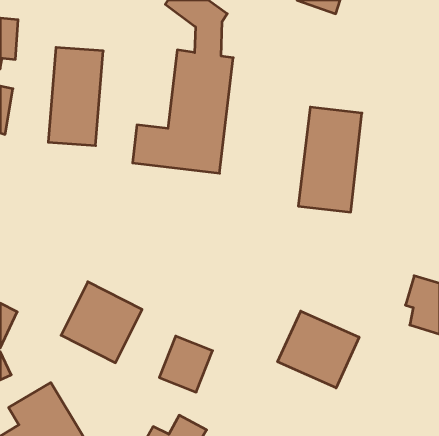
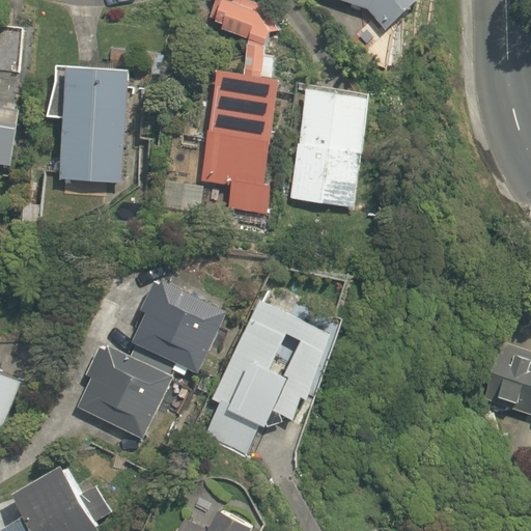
building: [298,107,362,212] -> [290,84,367,211]
building: none -> [125,278,223,371]
building: none -> [213,300,334,423]
building: [278,311,359,388] -> none

